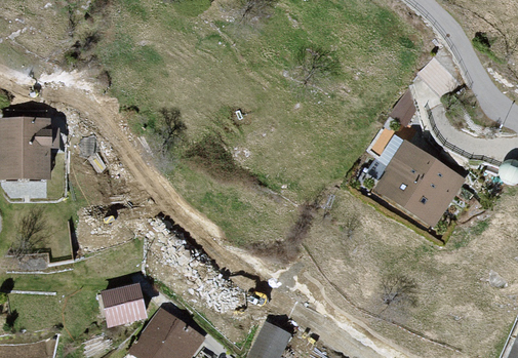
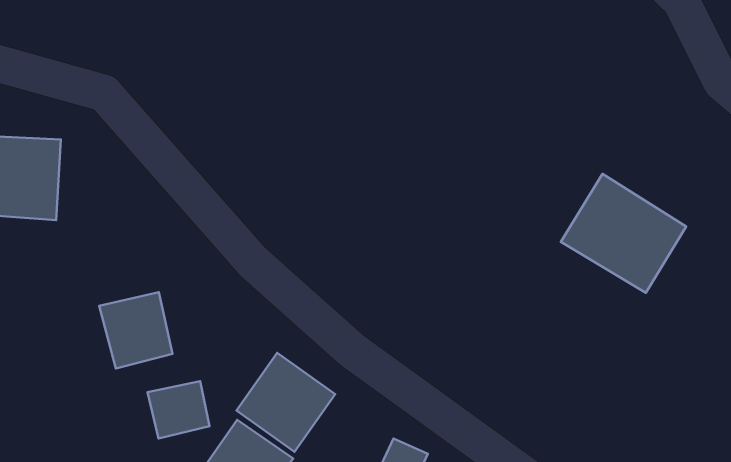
building: none -> [99,292,173,368]
building: none -> [236,353,335,452]

